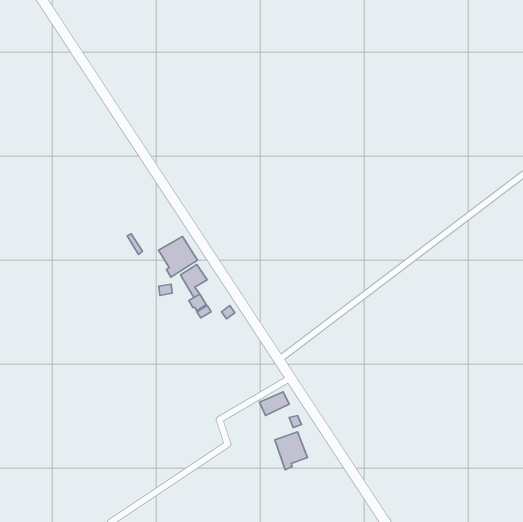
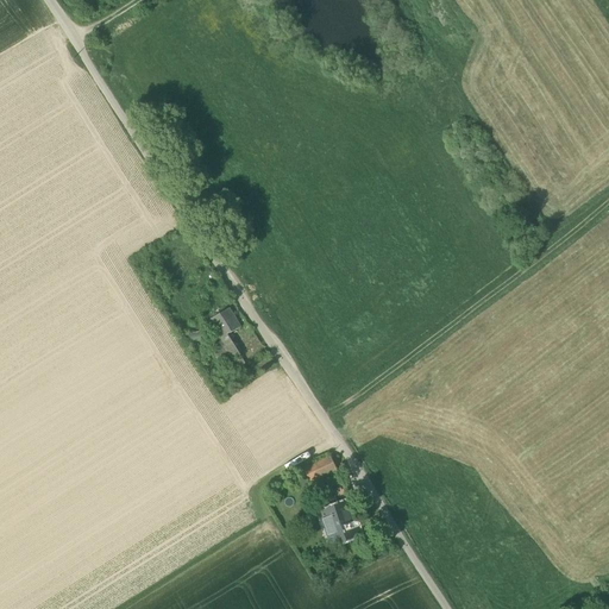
building: [159,236,197,277] -> none

